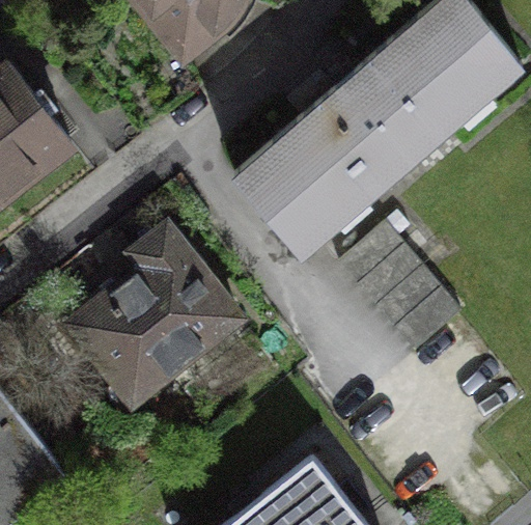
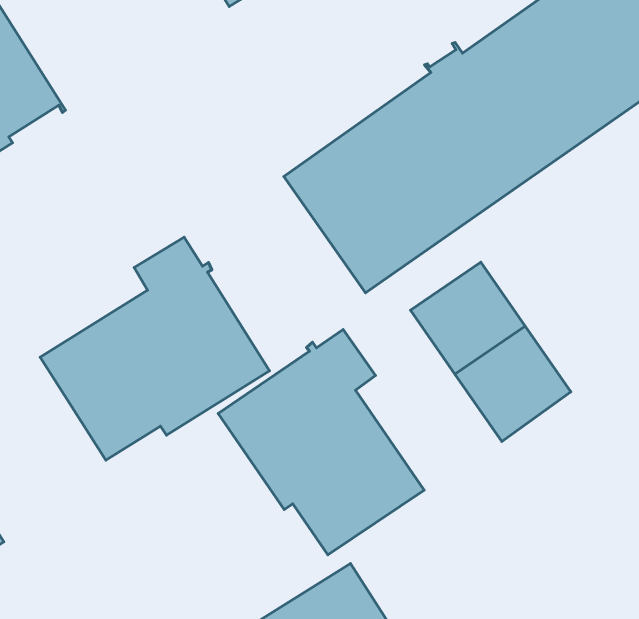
building: none -> [218,330,424,555]

